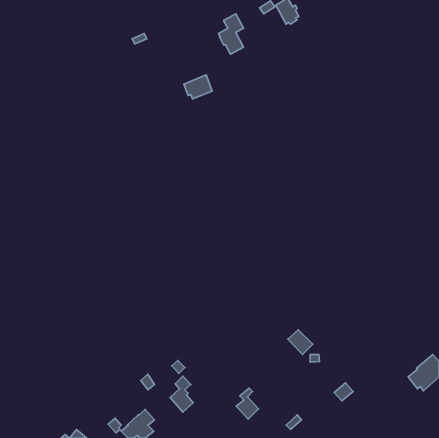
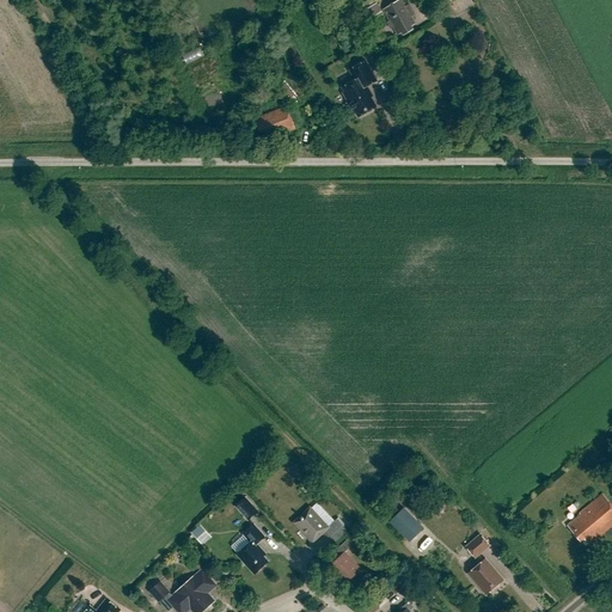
building: [219,14,243,54] -> [342,59,377,115]
building: [288,330,313,355] -> [390,506,424,540]
building: none -> [294,506,348,540]
building: none -> [467,557,504,593]

